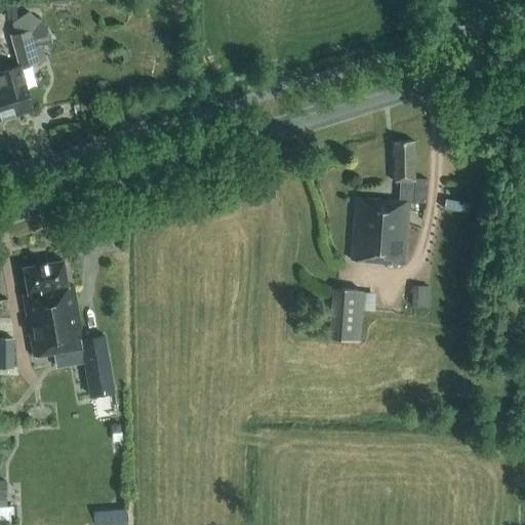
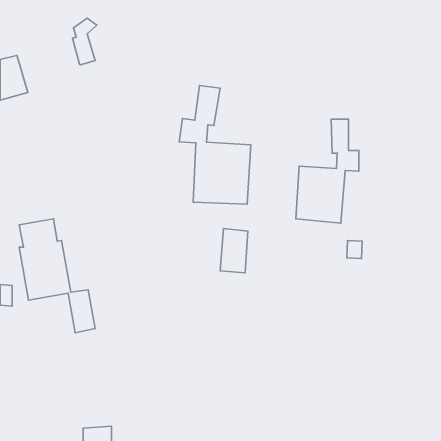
building: [12,12,41,68] -> [73,18,97,65]
building: none -> [179,85,251,204]
building: [330,289,363,341] -> [220,229,248,273]

